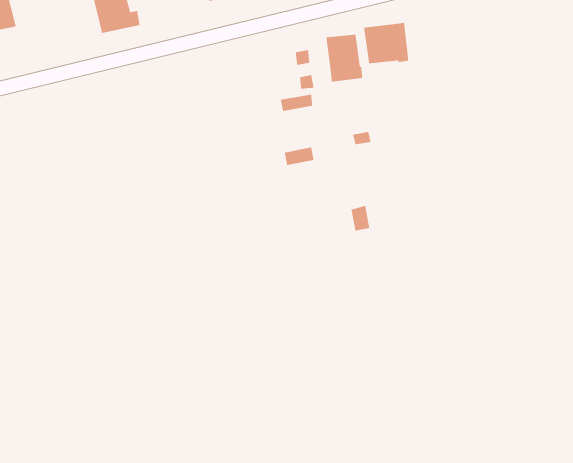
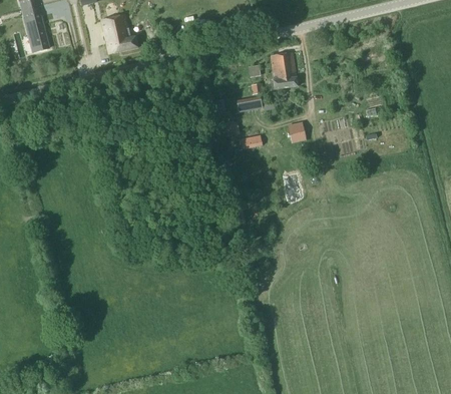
building: [363,22,409,64] -> none

